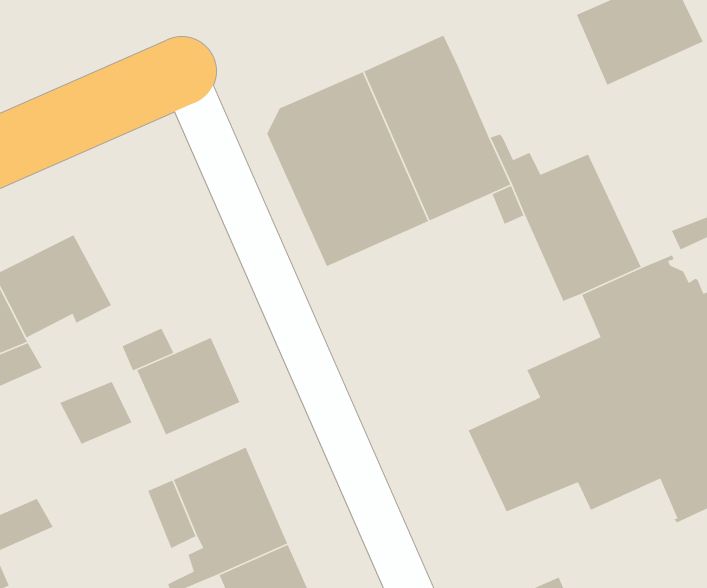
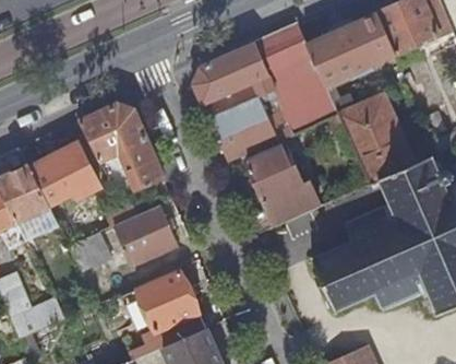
building: none -> [307,12,395,85]
building: none -> [79,104,164,191]
building: none -> [245,144,320,233]

